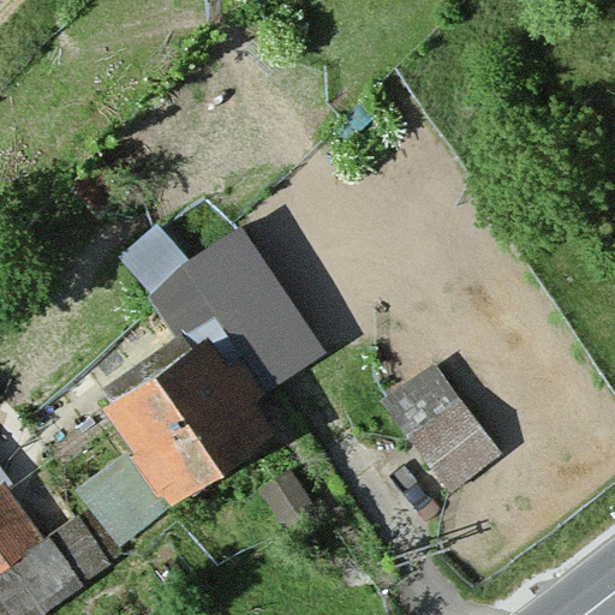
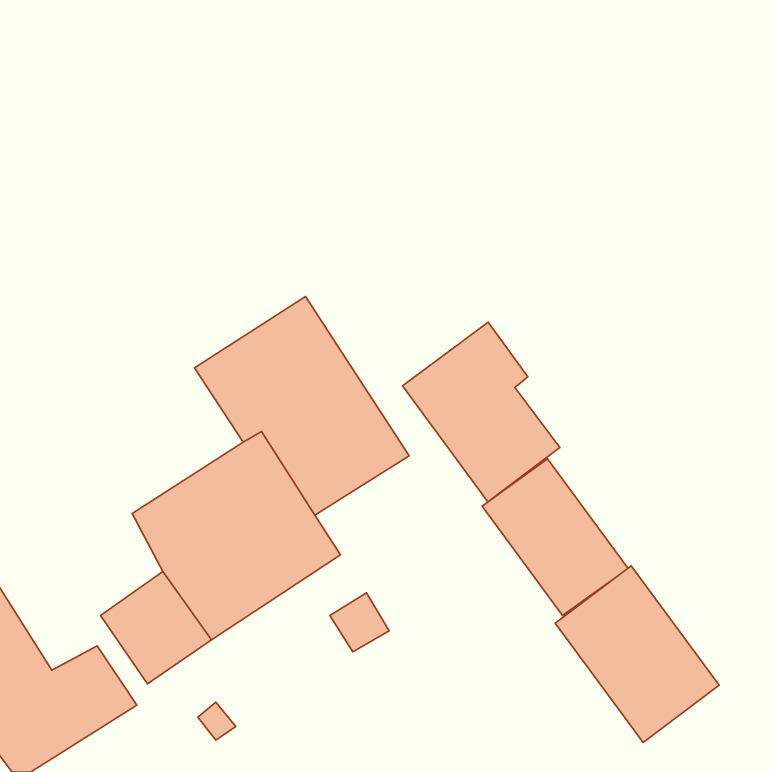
building: none -> [402,322,560,502]
building: none -> [555,566,719,742]

